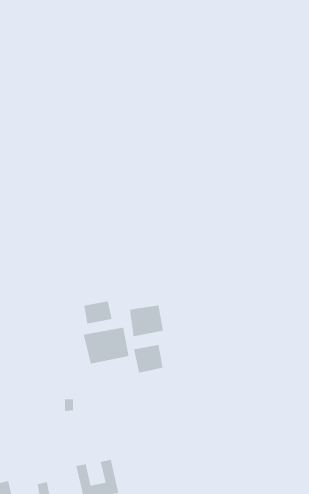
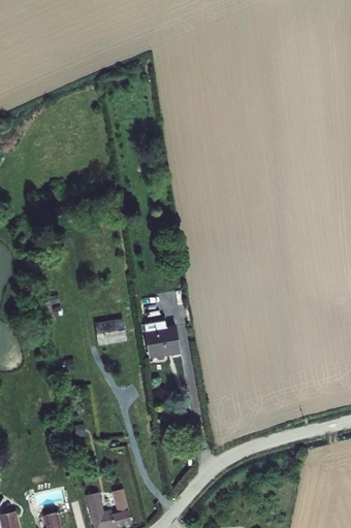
building: [83,327,129,365] -> none
building: [133,344,163,373] -> none

